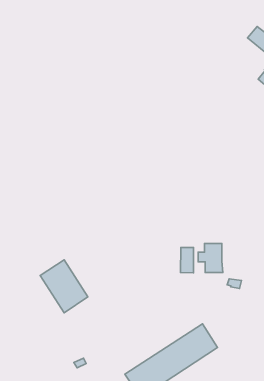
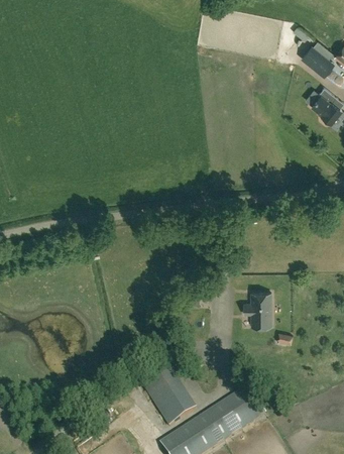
building: [180,247,193,273] -> none
building: [40,260,88,313] -> [141,363,196,424]

